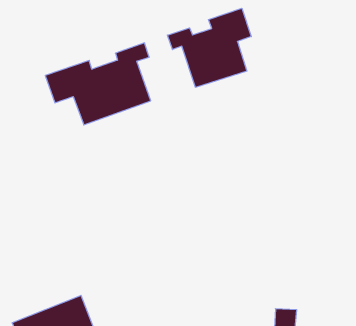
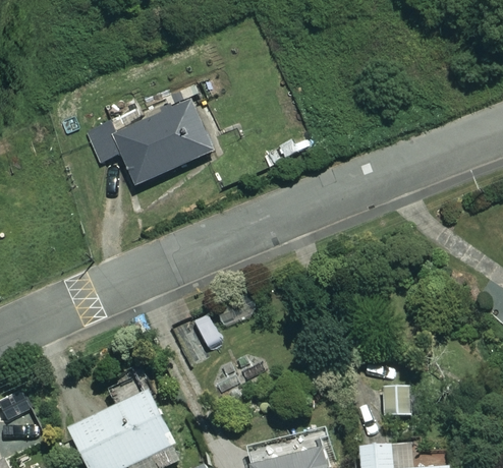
building: [167,8,251,87] -> none

